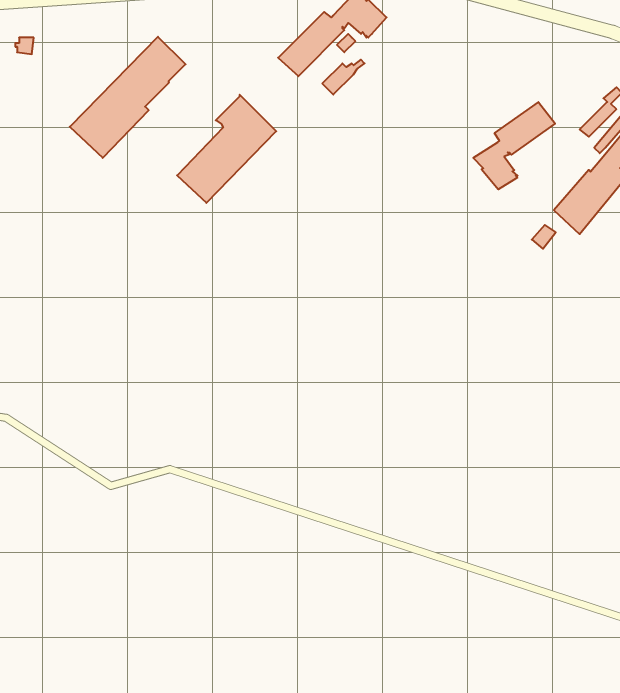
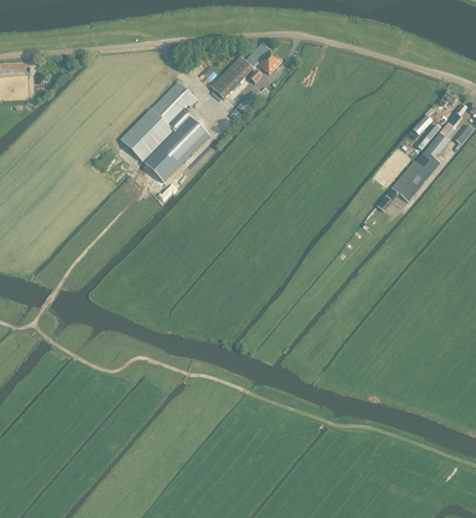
building: [70,37,186,158] -> [119,81,195,160]
building: [473,102,555,189] -> none

